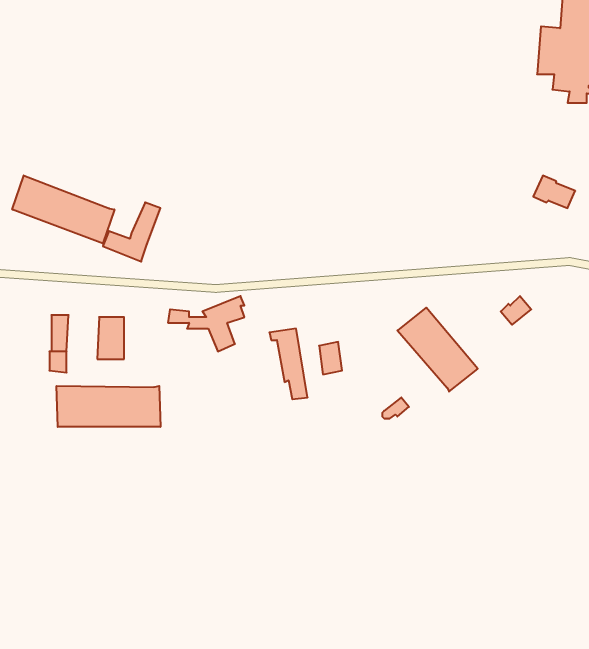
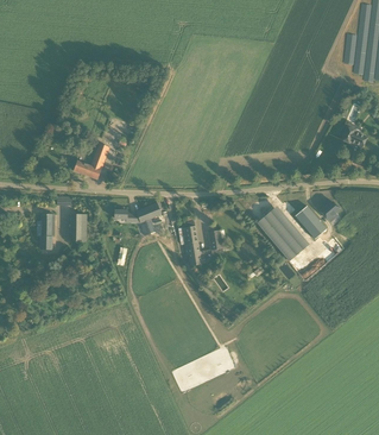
building: [12,175,114,244] -> none
building: none -> [293,204,328,240]
building: [57,386,160,427] -> none

